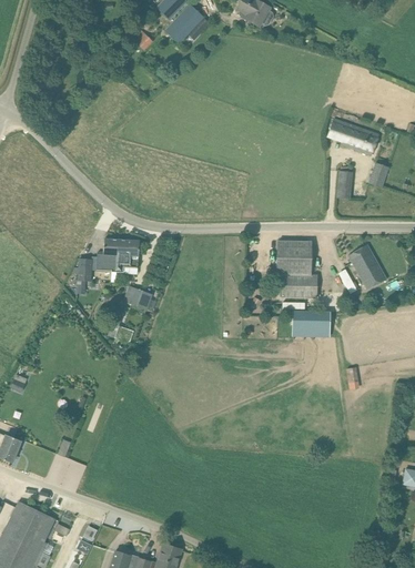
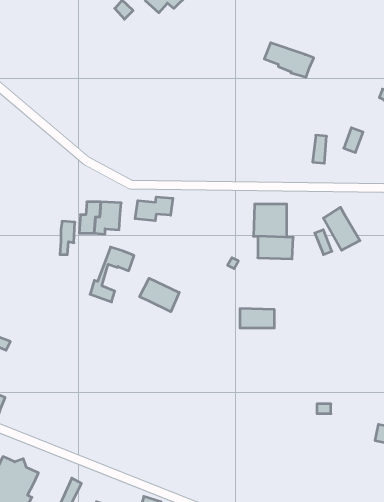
building: [327,119,378,154] -> [264,43,314,77]
building: none -> [135,197,173,221]
building: [293,313,328,333] -> [240,309,274,328]
building: none -> [140,278,179,312]

